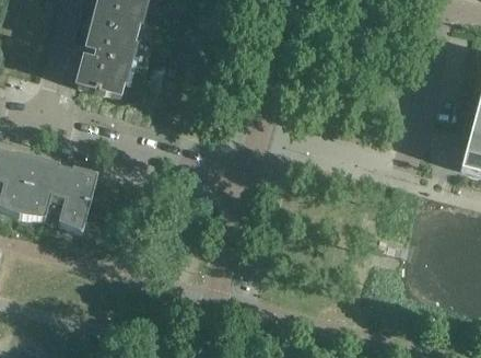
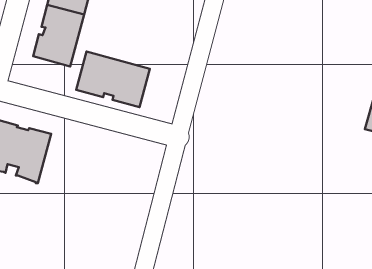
building: none -> [76,52,150,107]

